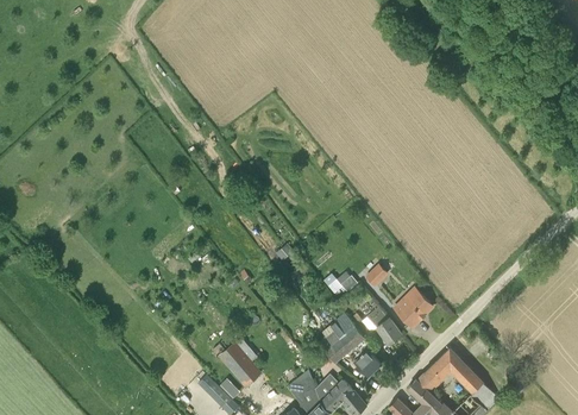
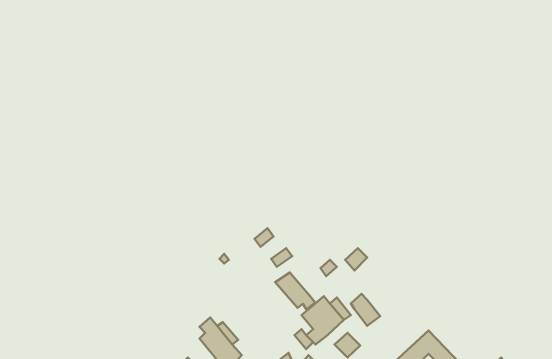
building: [392,288,432,327] -> none
building: none -> [275,272,315,309]

